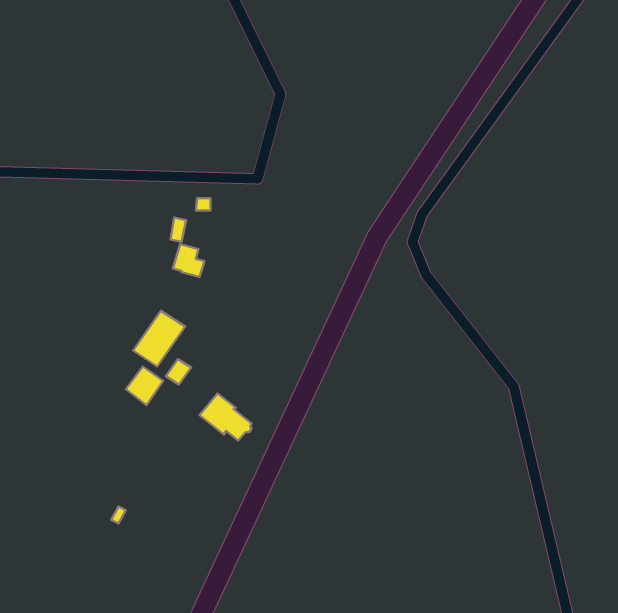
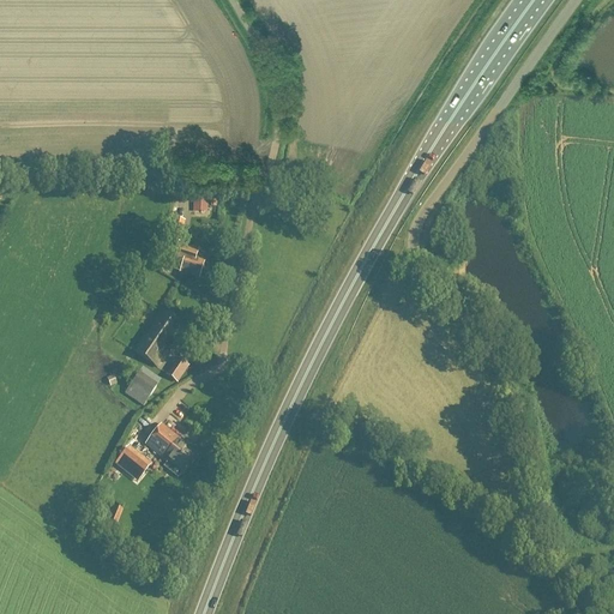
building: [199,393,252,441] -> [143,421,194,468]
building: none -> [114,445,149,478]

